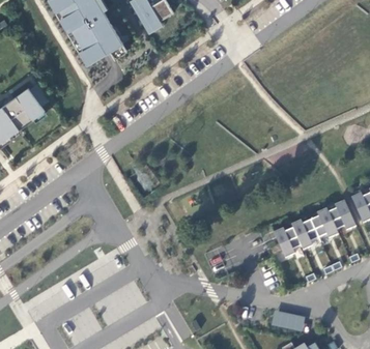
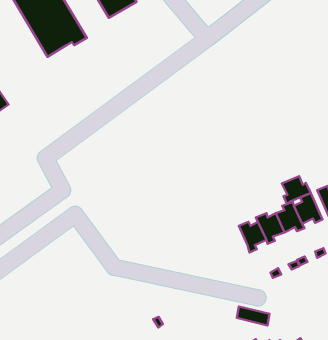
building: none -> [282,176,311,204]

